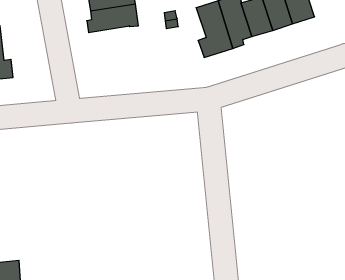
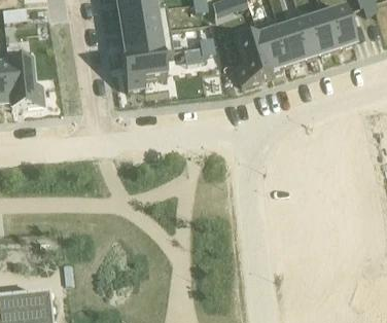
building: none -> [121,51,167,89]

